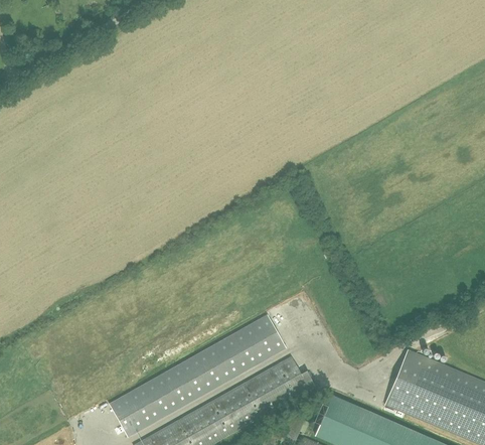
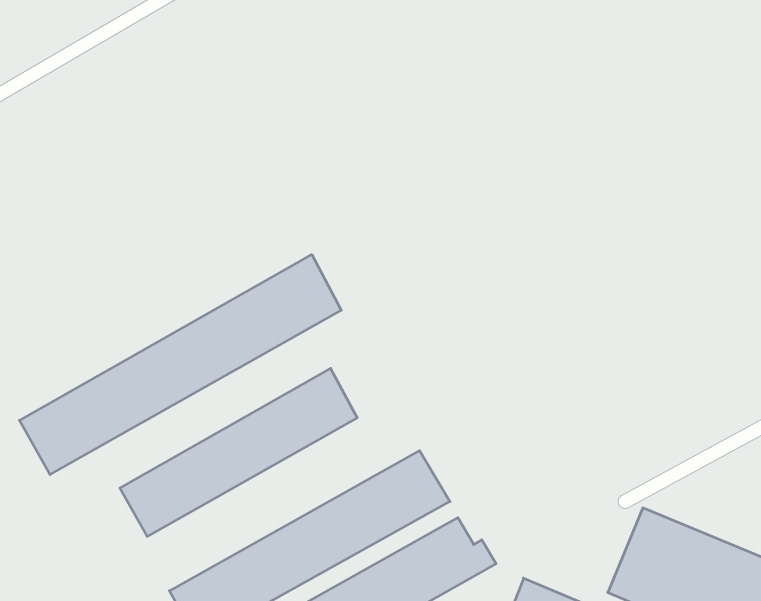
building: none -> [19,255,341,475]
building: none -> [120,368,357,536]

